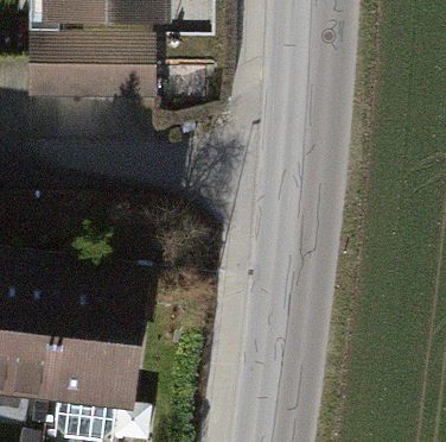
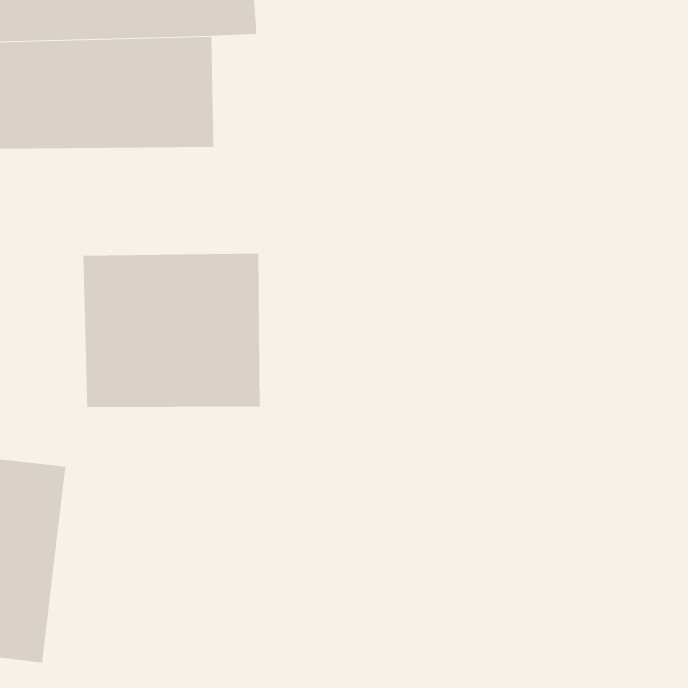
building: none -> [83,253,260,408]
building: [50,302,139,430] -> none

